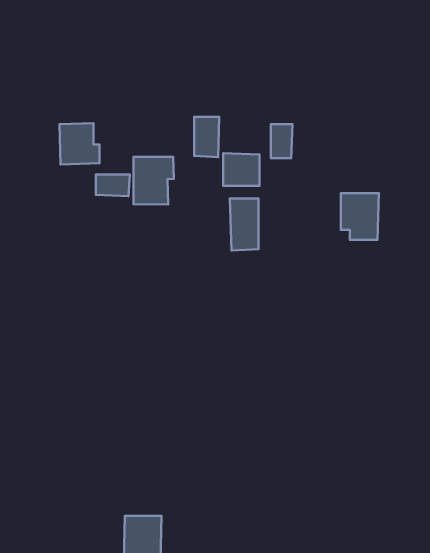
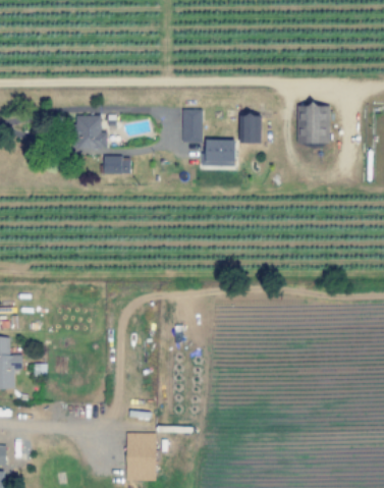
building: [134,157,174,204] -> none
building: [341,193,379,240] -> [299,106,330,144]
building: [230,198,259,251] -> none

